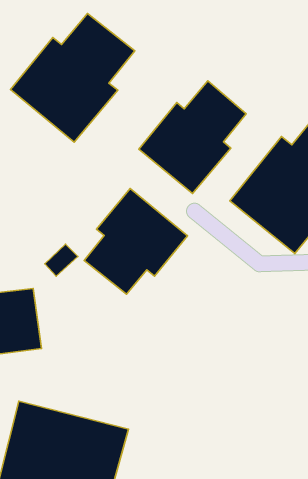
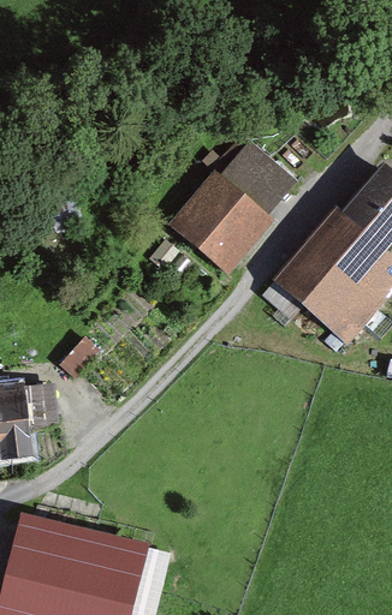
building: [10,13,135,142] -> none
building: [84,189,187,294] -> none

